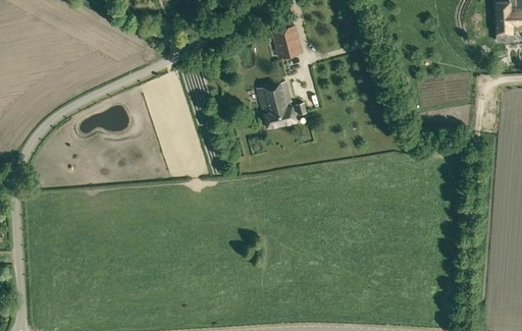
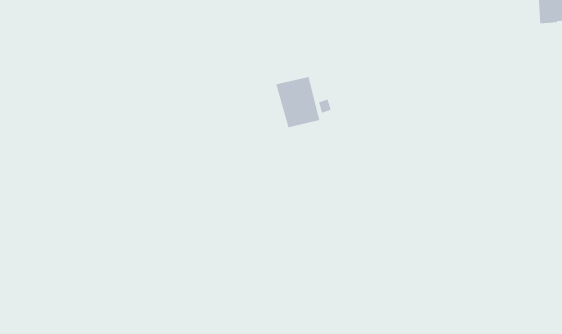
building: [273,30,300,59] -> none

